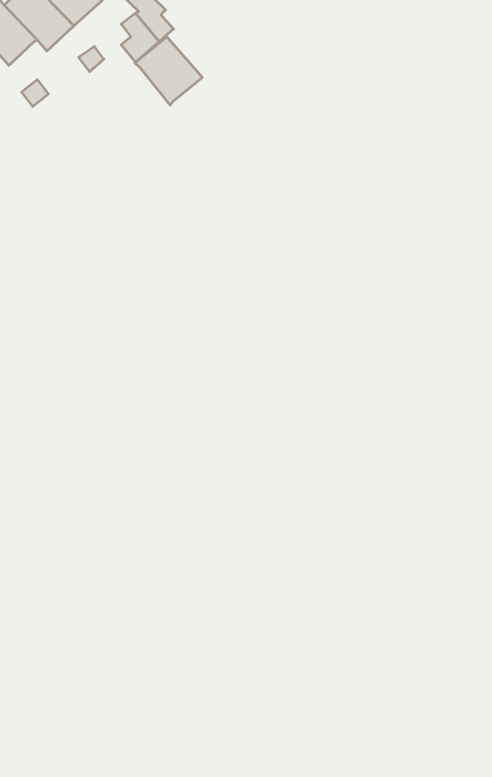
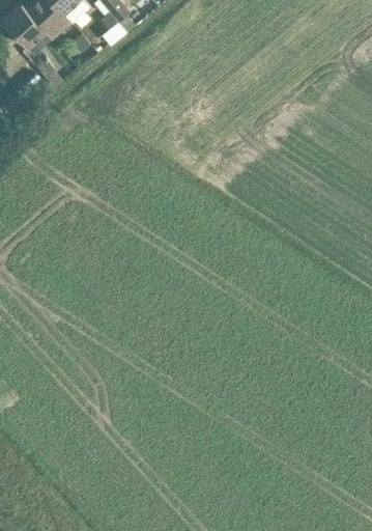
building: [135,37,202,105] -> none

